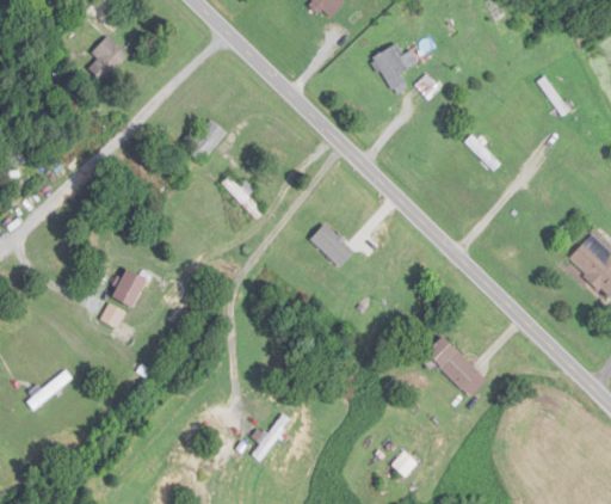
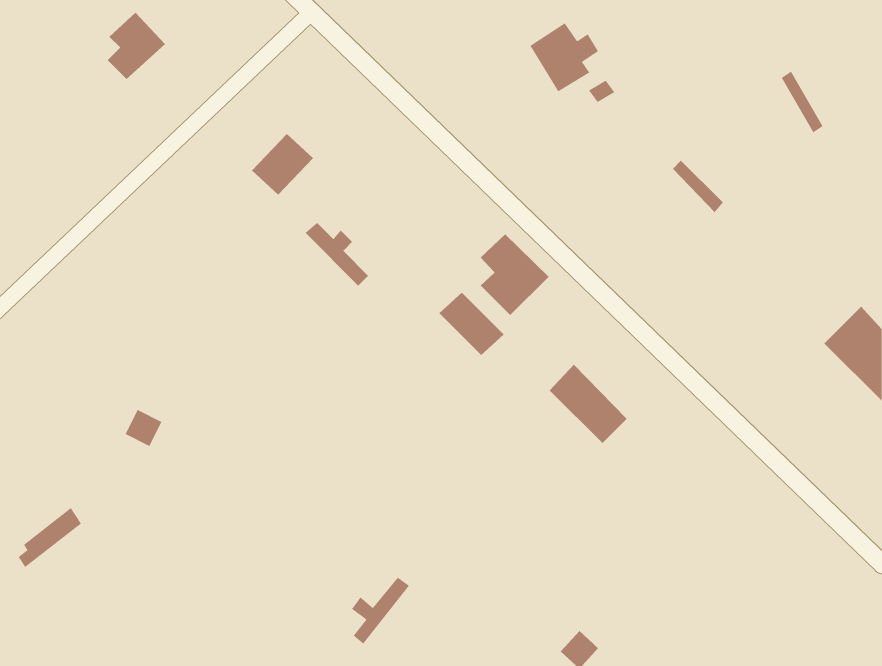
building: none -> [480,234,550,316]
building: [112,269,147,307] -> none
building: [426,334,479,388] -> [549,364,627,444]

